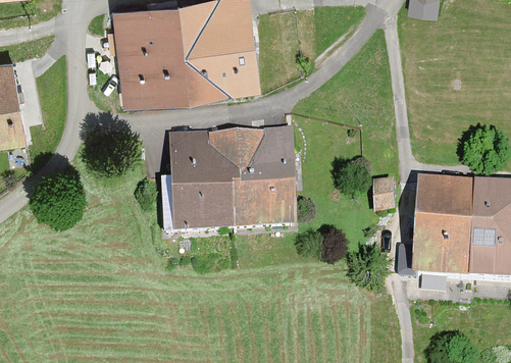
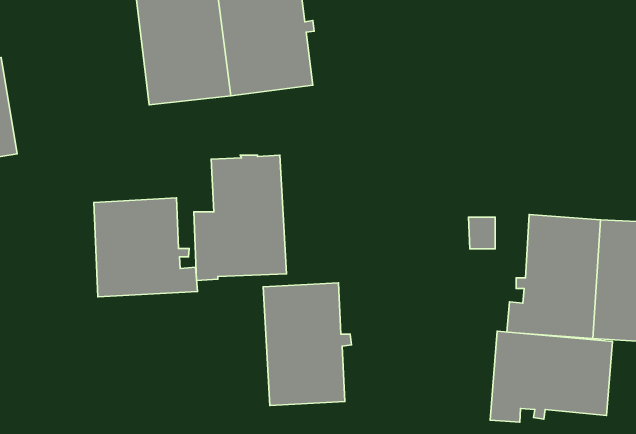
building: [228,133,297,227] -> [263,283,352,406]
building: none -> [94,198,197,297]
building: none -> [490,331,613,422]

